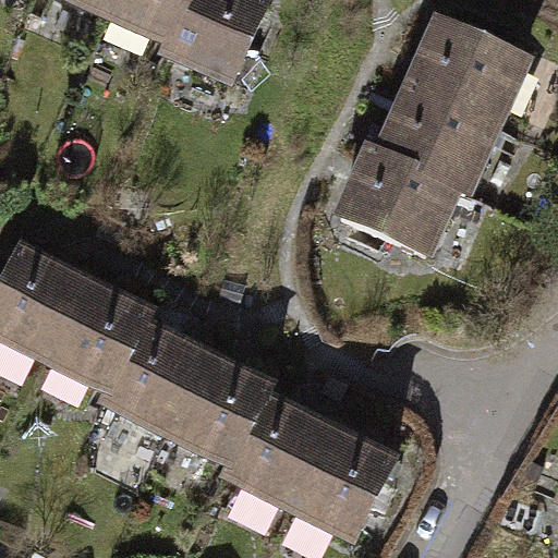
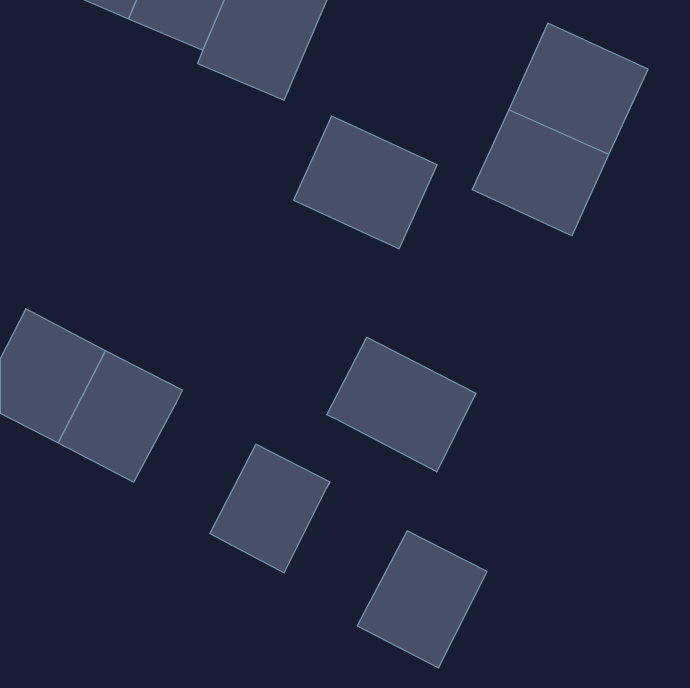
building: [341,148,457,255] -> [294,116,437,249]
building: none -> [327,337,476,472]
building: [105,325,207,429] -> none
building: [225,393,329,504] -> none

